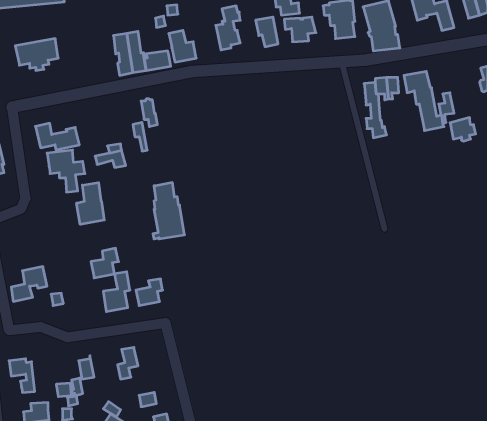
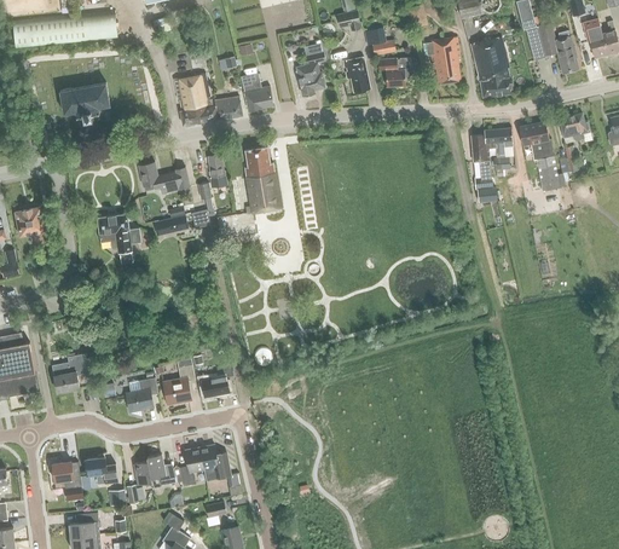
building: [450,118,476,141] -> [560,112,590,140]
building: [35,123,79,150] -> [138,162,190,193]
building: [153,183,185,239] -> [244,146,282,213]
building: [77,183,104,224] -> none
building: [91,248,119,278] -> [126,377,158,412]
building: none -> [199,444,238,486]
building: none -> [147,455,177,487]
building: none -> [85,457,117,484]

